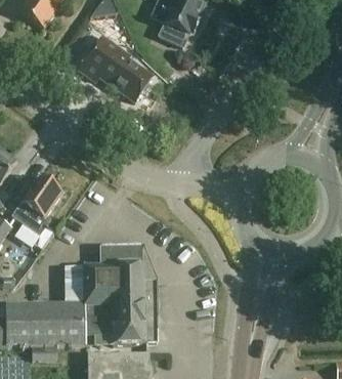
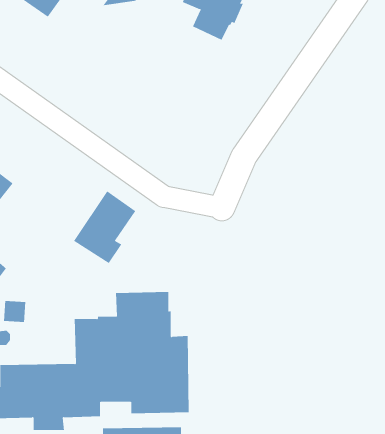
building: [76,35,148,100] -> none
building: [11,174,61,233] -> [73,191,136,264]

